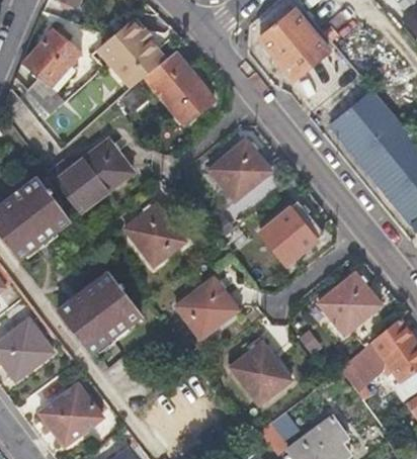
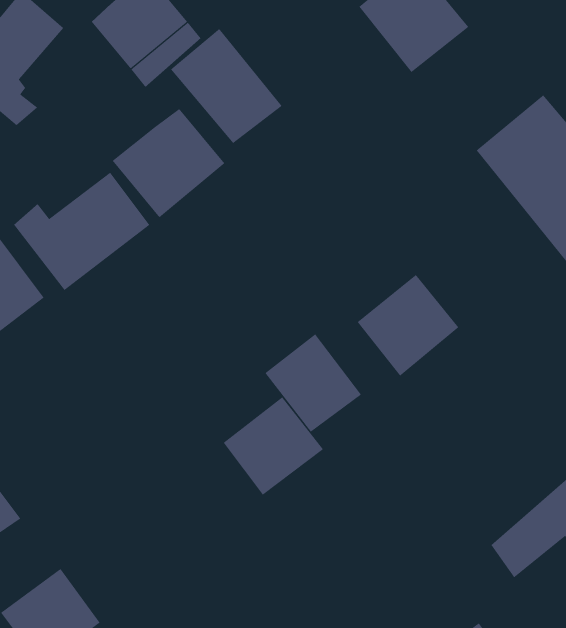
building: none -> [112,108,225,218]
building: [209,141,271,201] -> none
building: [126,204,185,265] -> [264,334,362,433]
building: [59,272,143,353] -> none
building: [318,274,381,336] -> none
building: [232,344,294,405] -> none

